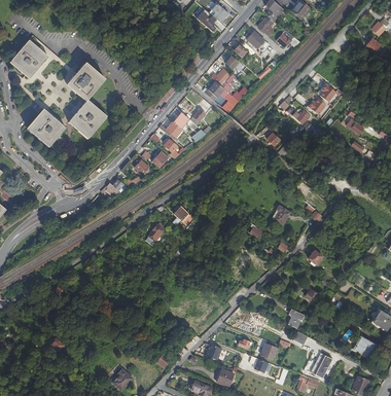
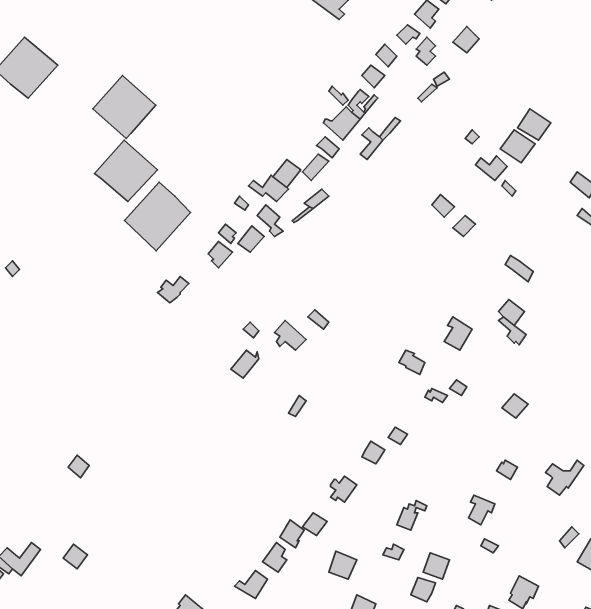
building: [27,109,63,145] -> none
building: none -> [125,182,191,251]

